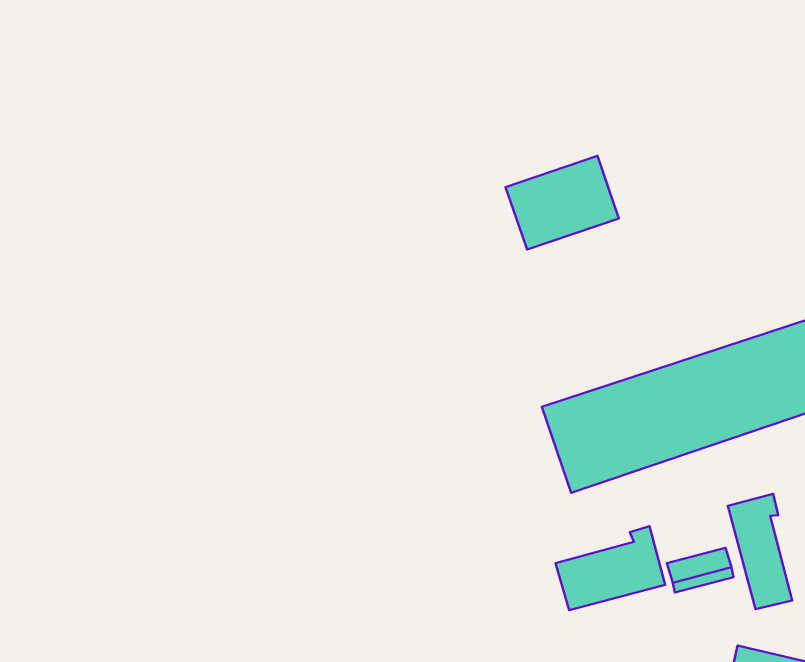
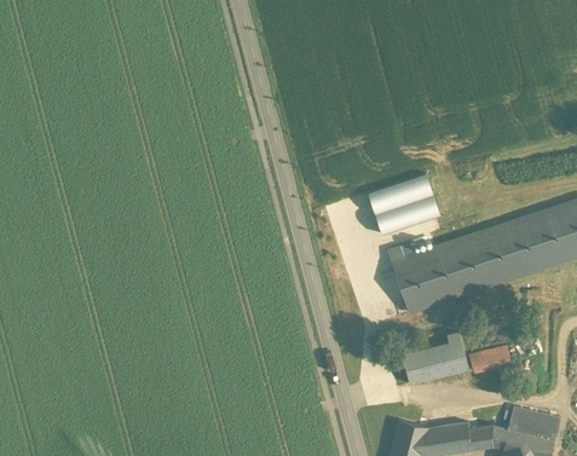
building: [505,156,619,250] -> [369,175,439,233]
building: [728,494,792,609] -> none

